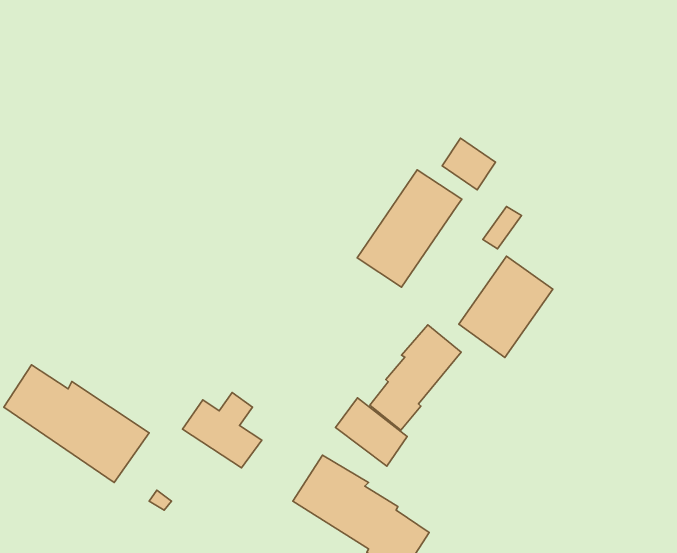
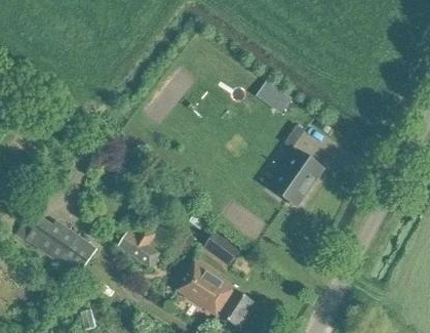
building: [357,170,462,287] -> none
building: [370,325,461,430] -> none

